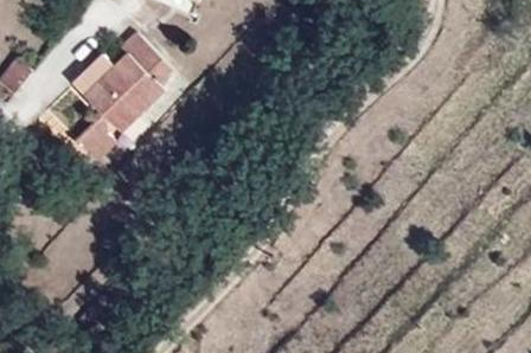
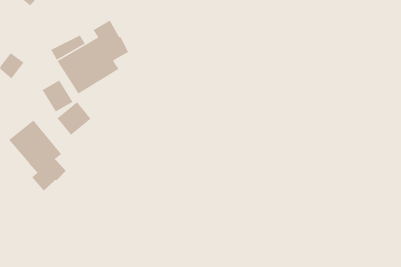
building: none -> [8,120,66,192]

